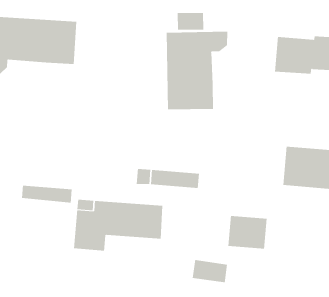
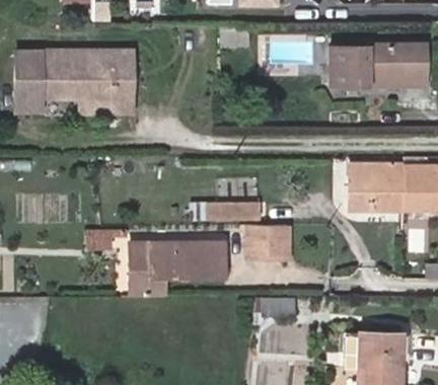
building: none -> [83,49,136,111]
building: [166,31,228,110] -> none
building: [228,215,267,249] -> [248,225,289,258]

